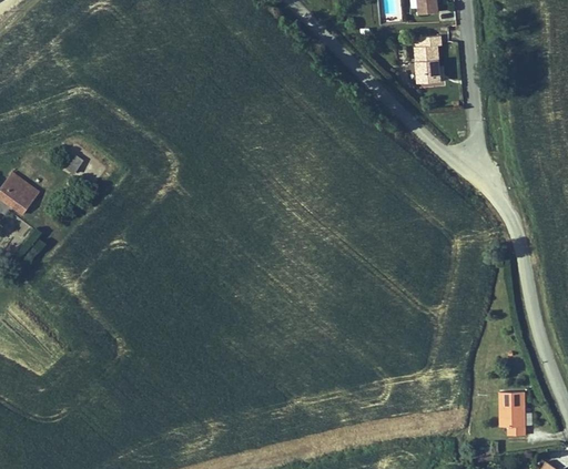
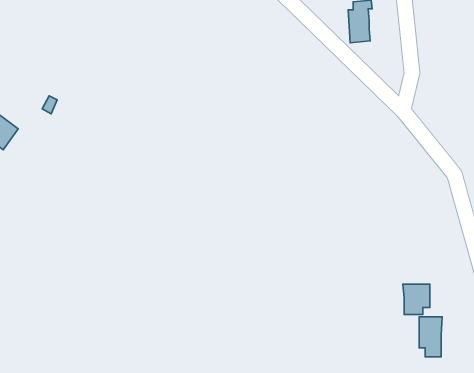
building: none -> [403,284,430,314]

